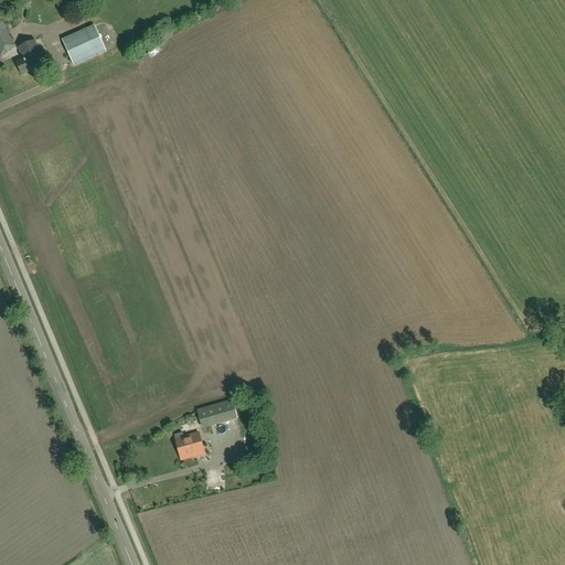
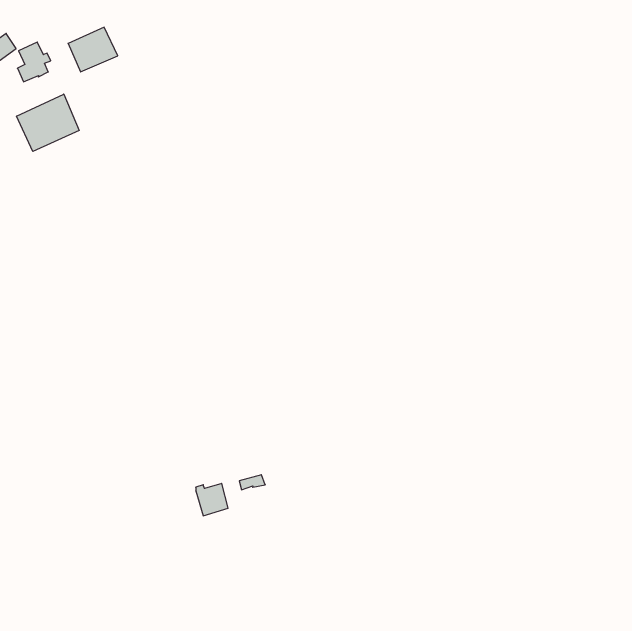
building: none -> [17,94,79,151]
building: [196,397,235,426] -> none

